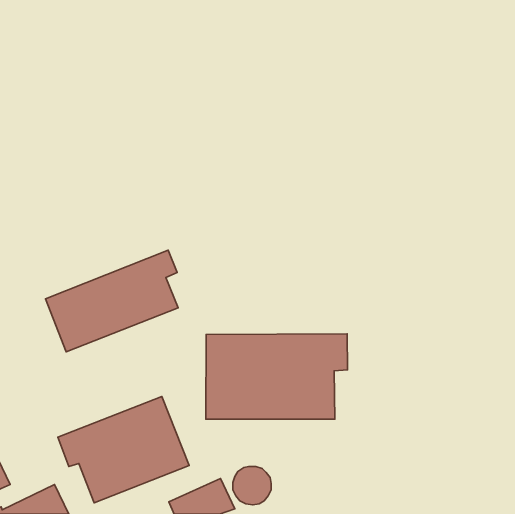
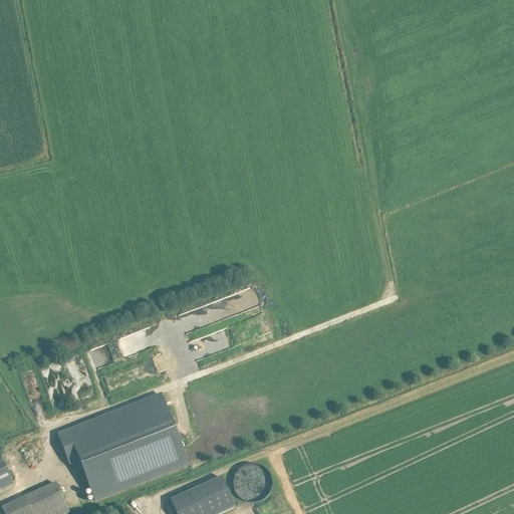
building: [45,250,178,352] -> none
building: [206,334,348,419] -> none

